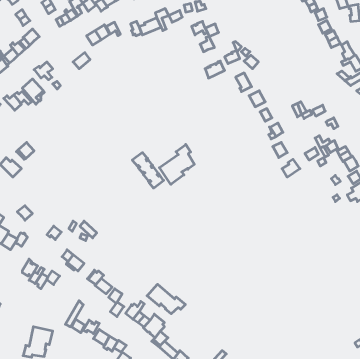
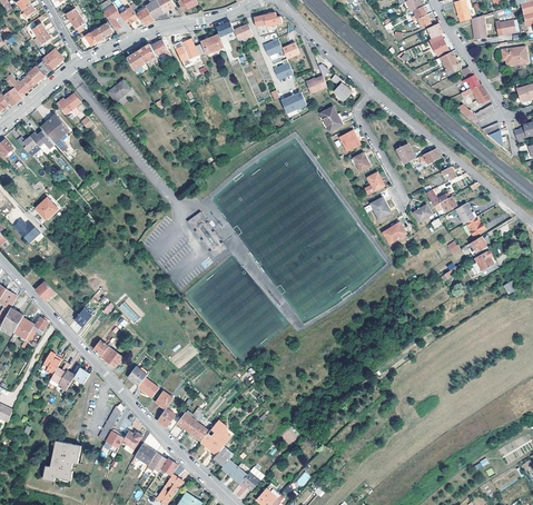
building: [159,144,194,184] -> none
building: [147,284,185,314] -> none

